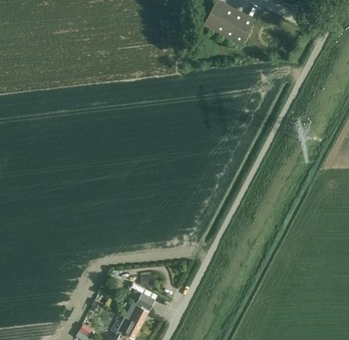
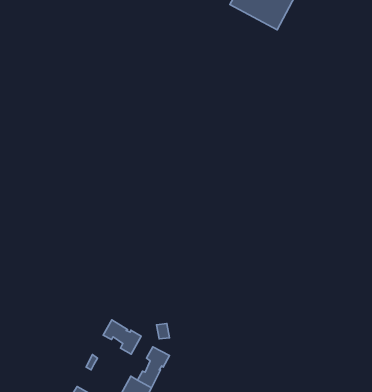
building: none -> [103,320,141,354]

